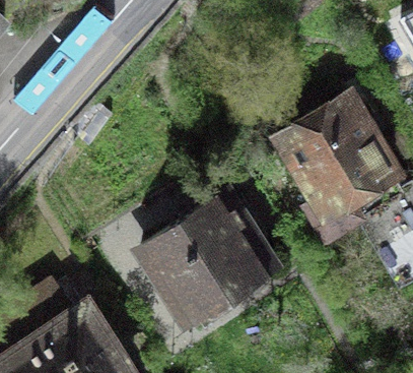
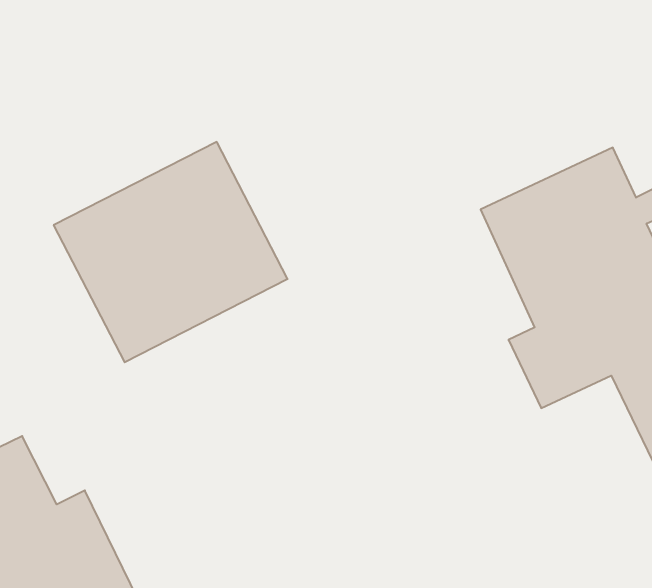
building: [142,194,270,317] -> [54,142,288,362]

